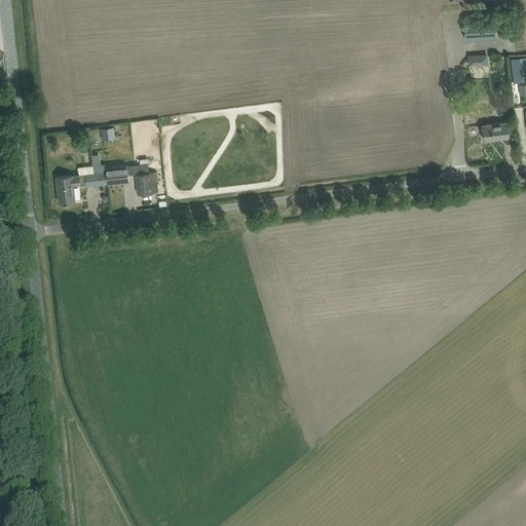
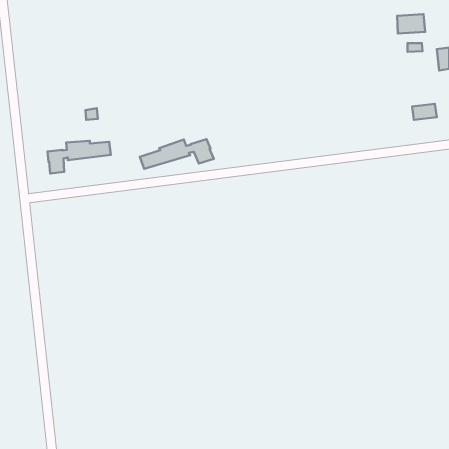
building: none -> [140,139,214,169]
building: [135,172,157,195] -> none

